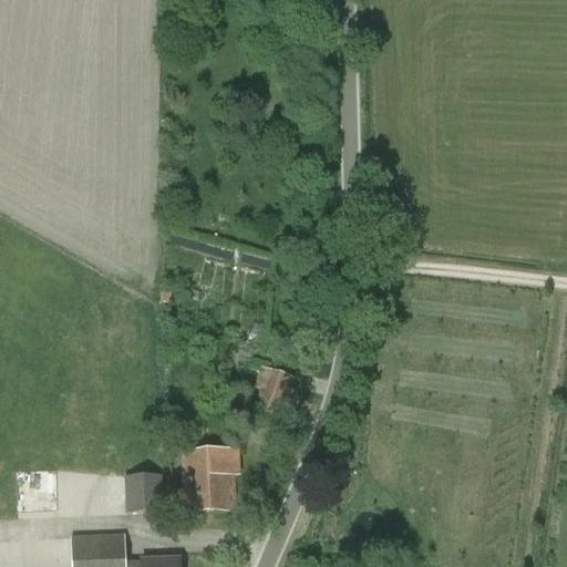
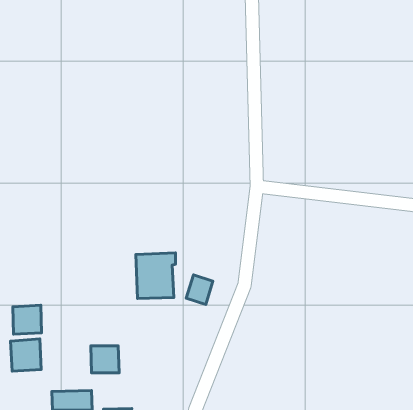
building: none -> [13,305,41,334]
building: [184,447,238,509] -> [136,253,176,298]

